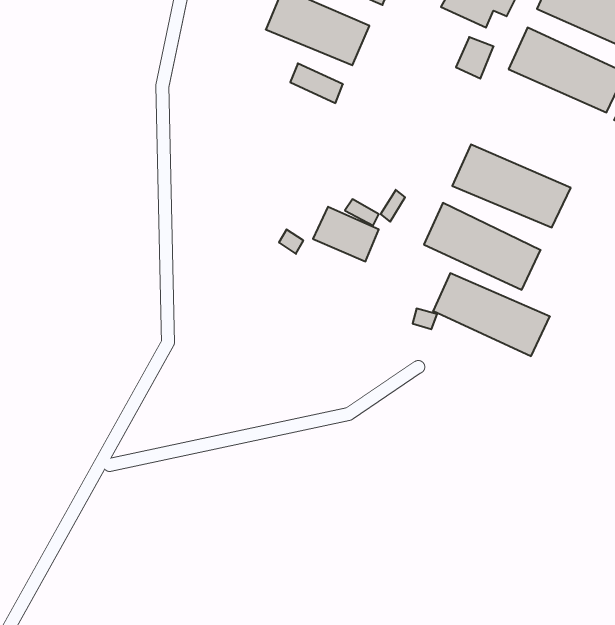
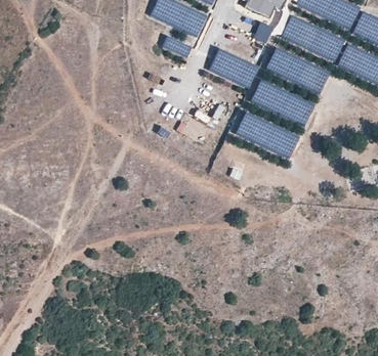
building: none -> [207,48,259,88]
building: [433,273,550,356] -> [267,48,331,93]

